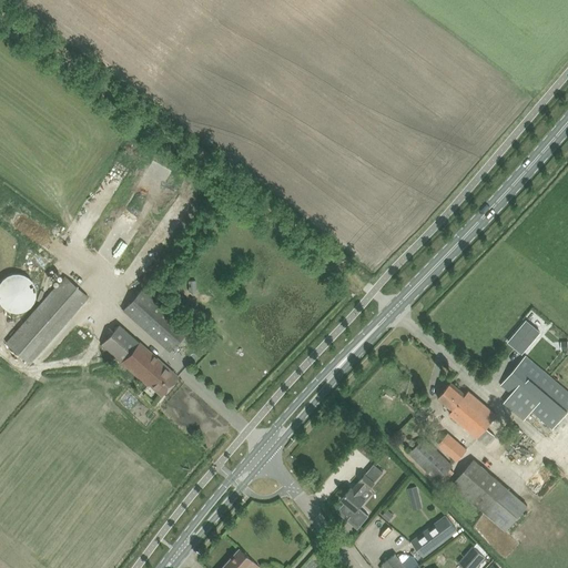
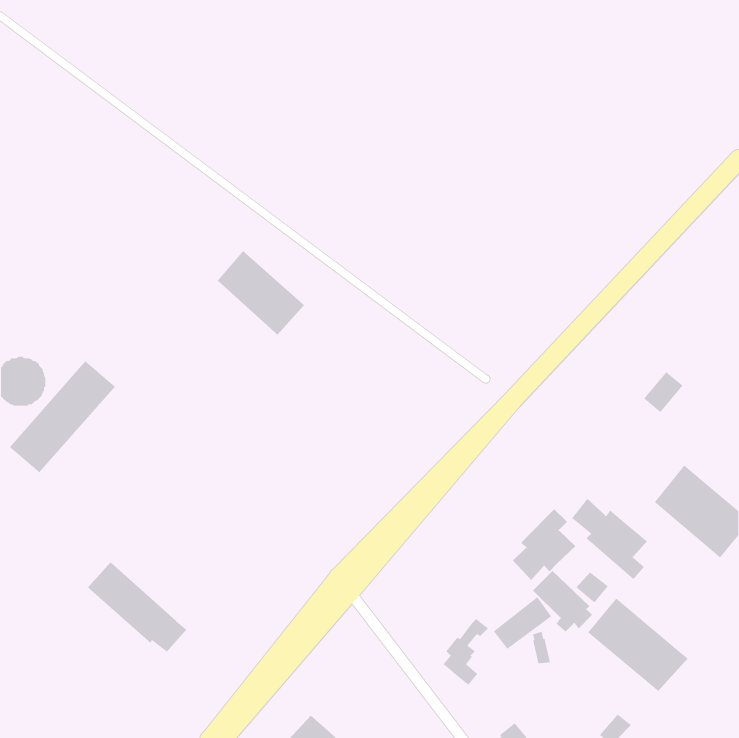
building: [122,287,190,353] -> [217,250,305,336]
building: [508,322,539,354] -> [643,371,684,413]
building: [101,325,178,395] -> [87,561,187,653]
building: none -> [512,509,576,581]
building: [412,516,457,557] -> [493,596,552,650]

